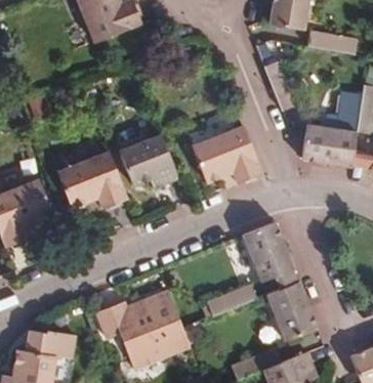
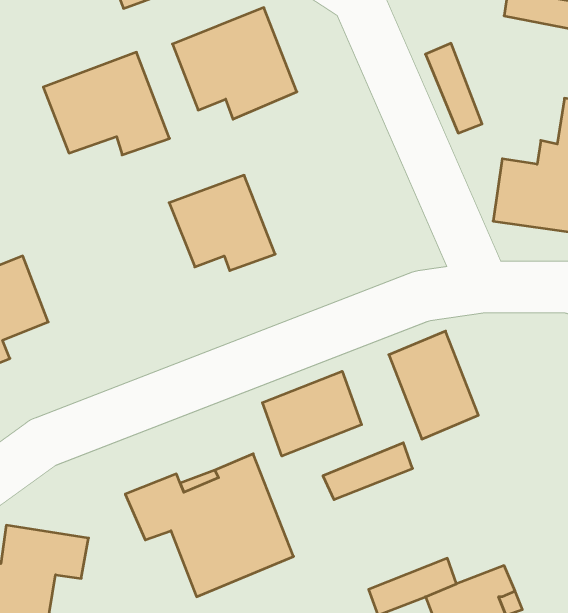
building: [192,125,261,187] -> [172,8,297,119]
building: [57,151,128,208] -> [43,52,170,155]
building: none -> [262,371,362,456]
building: [266,282,317,341] -> none

